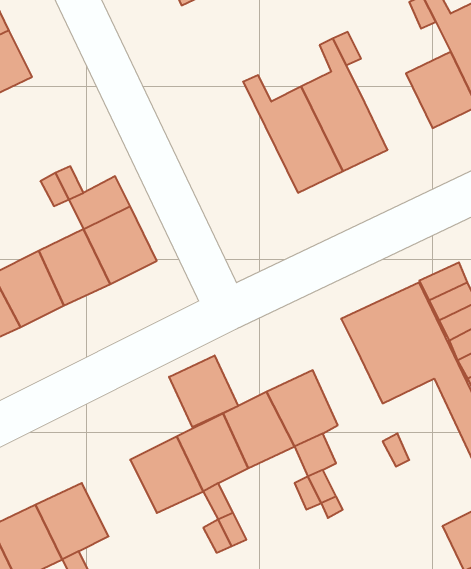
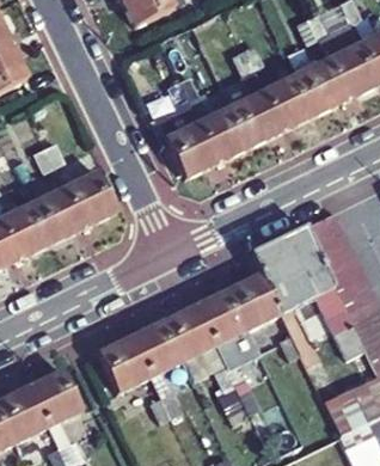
building: none -> [264,75,315,130]
building: none -> [155,81,219,178]
building: none -> [229,274,280,329]
building: [169,355,238,427] -> none

